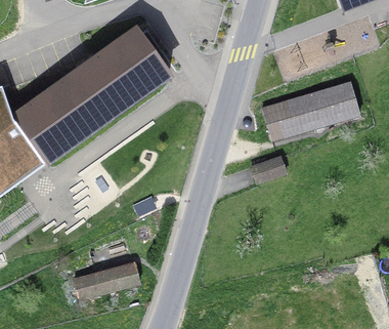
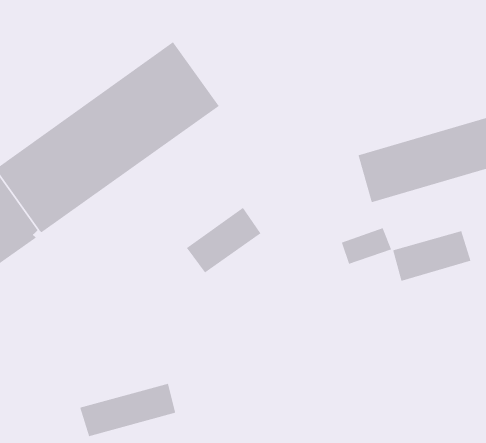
building: none -> [186,207,261,274]
building: none -> [392,230,472,282]

